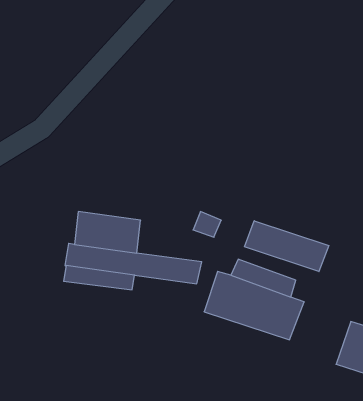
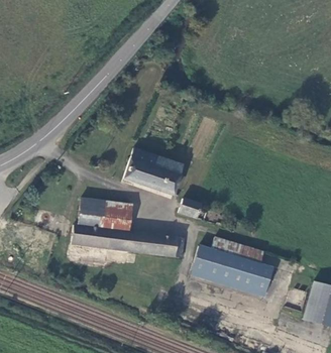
building: none -> [125,144,186,191]
building: [244,221,329,272] -> none

